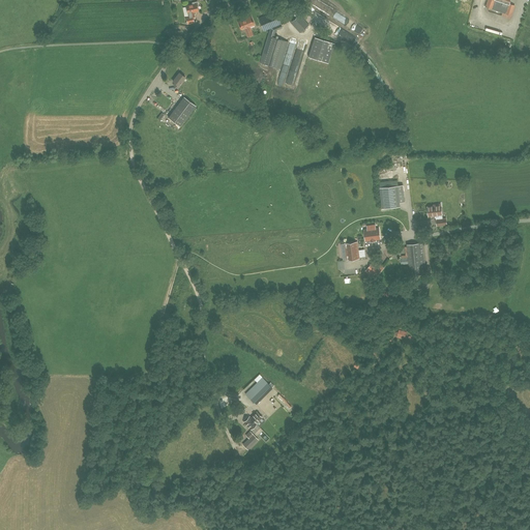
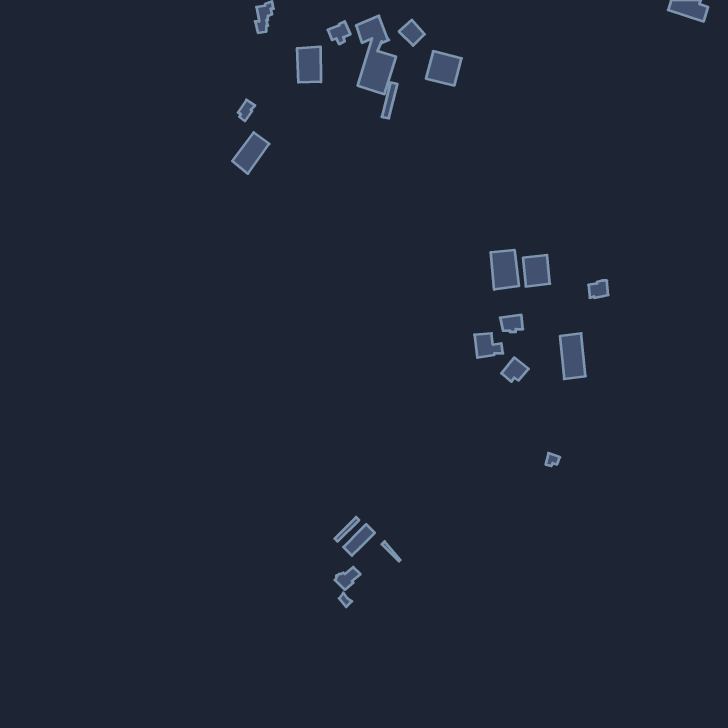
building: none -> [297,47,321,82]
building: none -> [491,250,519,290]

